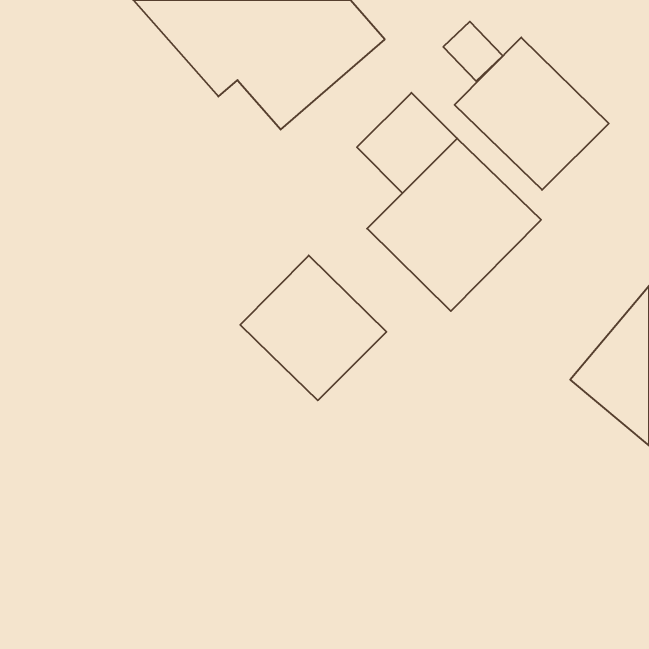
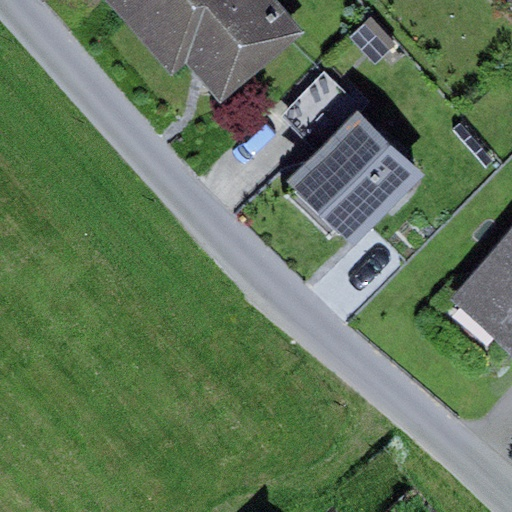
building: [455,37,609,190] -> none
building: [240,255,386,400] -> none

